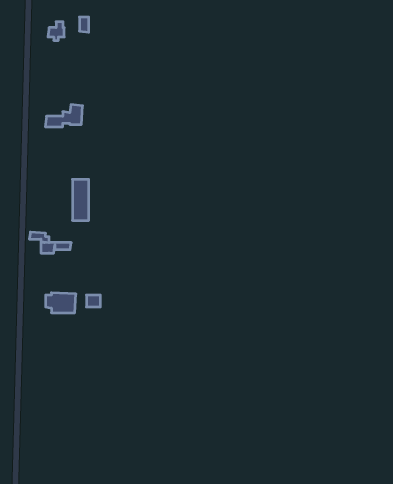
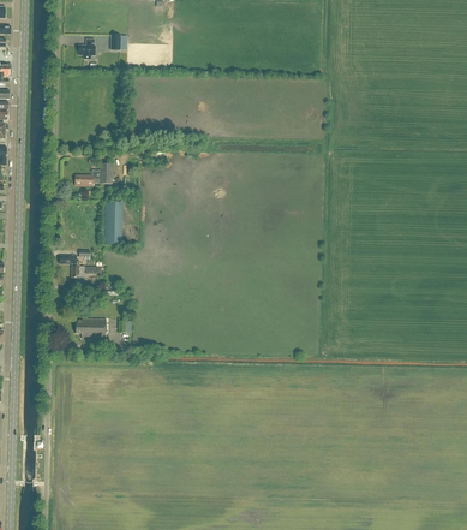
building: [45,105,83,127] -> [74,162,113,185]

